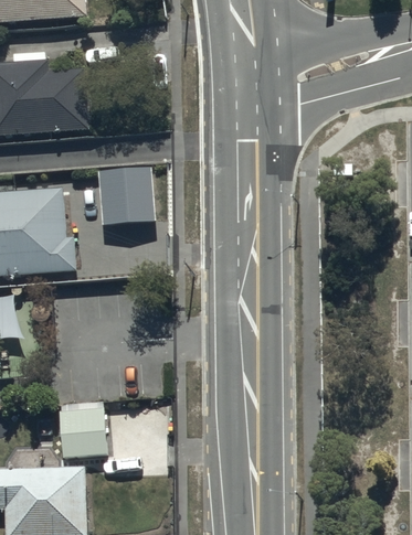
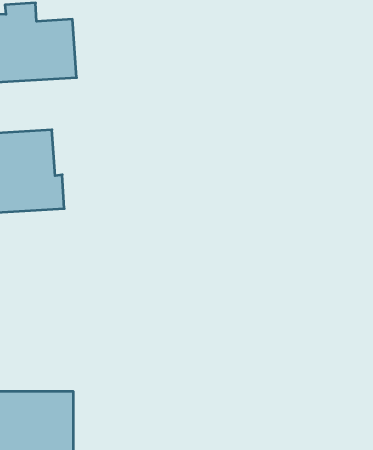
building: [96,164,154,222] -> none
building: [59,407,104,458] -> none

